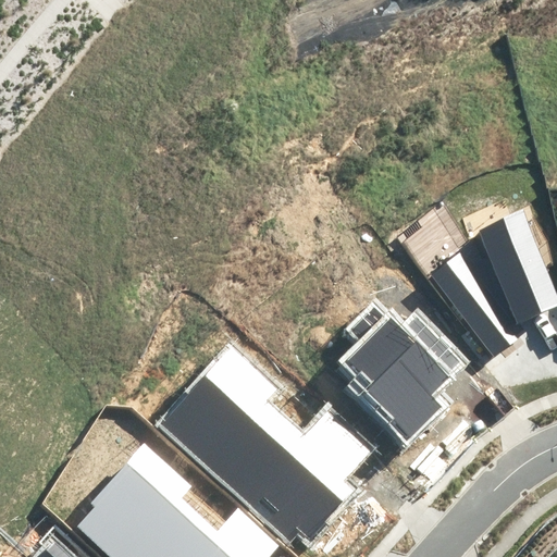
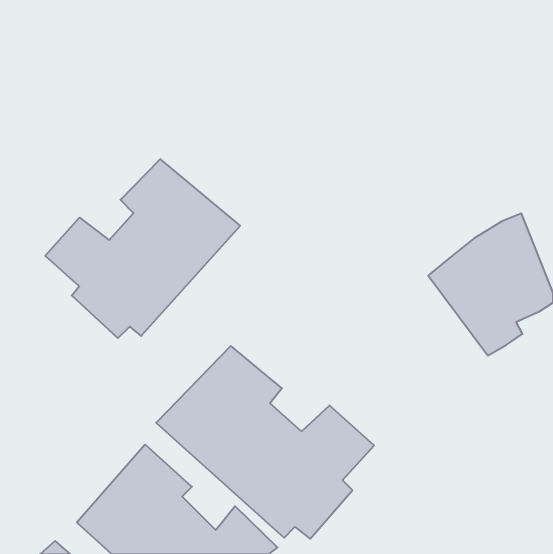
building: none -> [45,159,240,338]
building: [339,312,455,447] -> none

